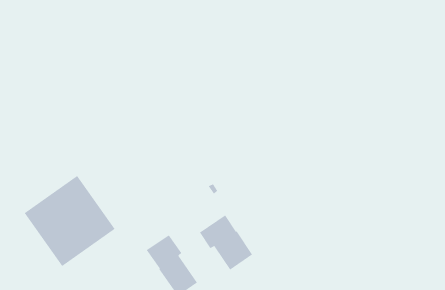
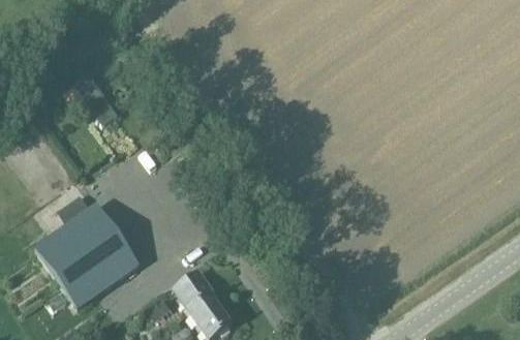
building: [199,215,253,271] -> none

